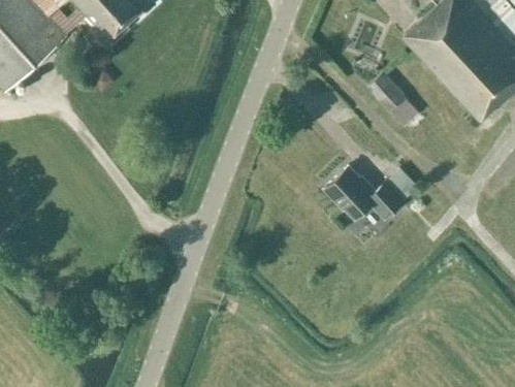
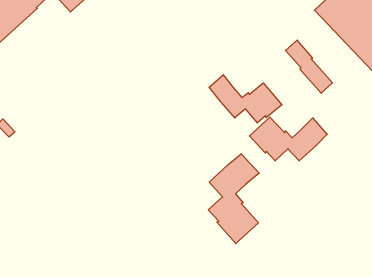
building: none -> [209,75,282,123]
building: none -> [208,154,259,244]

